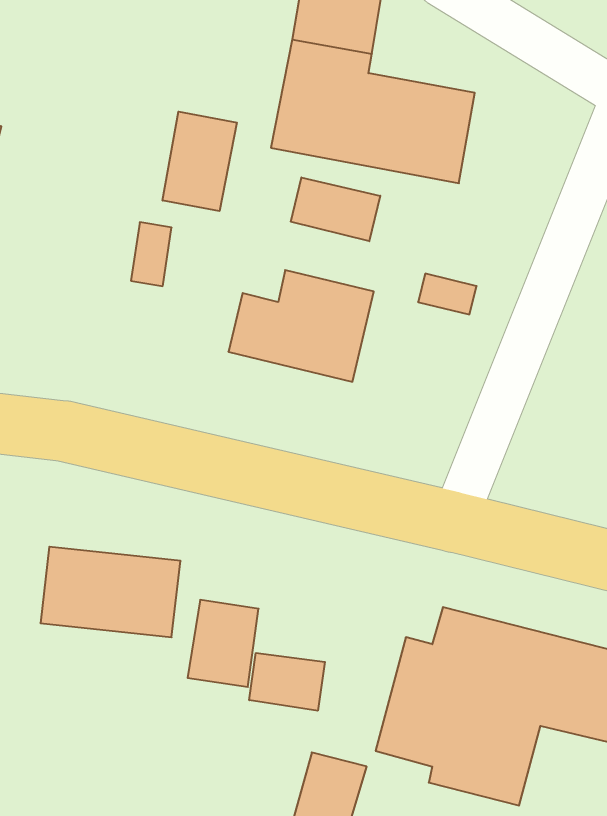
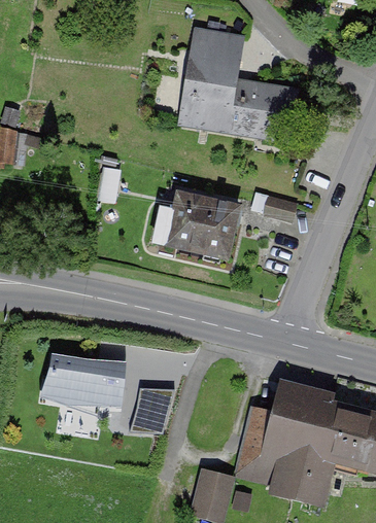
building: [163,112,237,211] -> none
building: [291,177,380,241] -> none
building: [249,653,325,711] -> none

